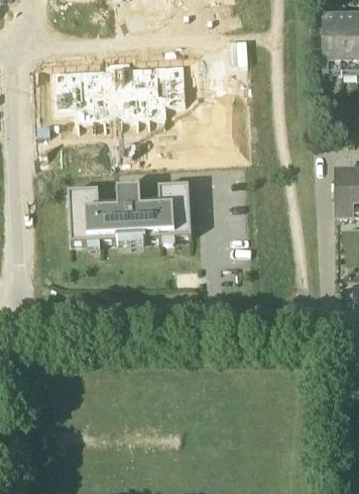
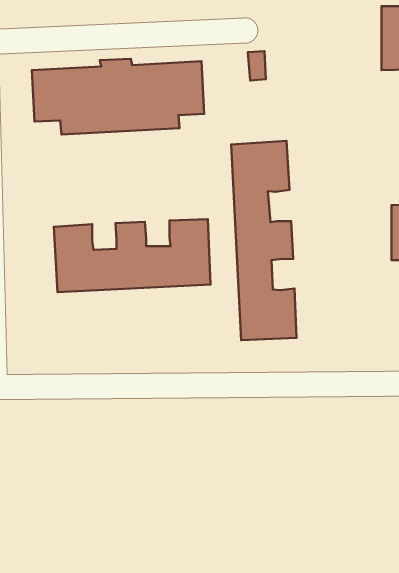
building: none -> [231,141,297,340]

